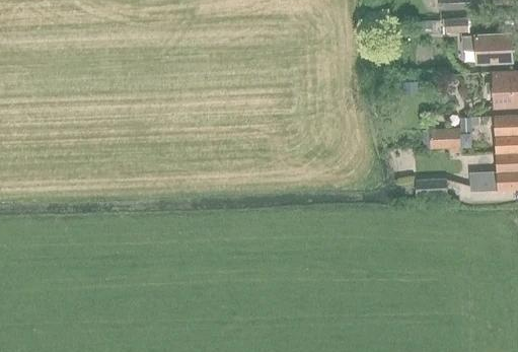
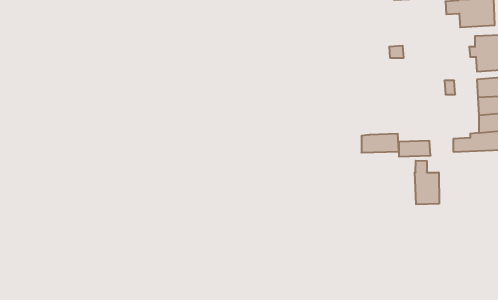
building: [422,129,460,148] -> [361,134,399,153]
building: none -> [415,161,439,204]

